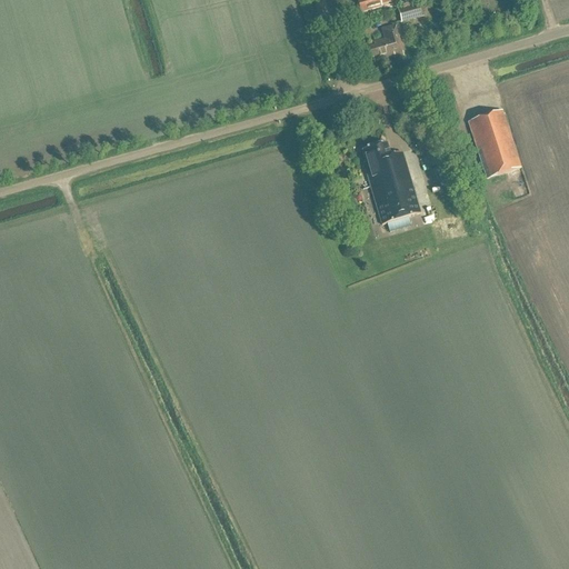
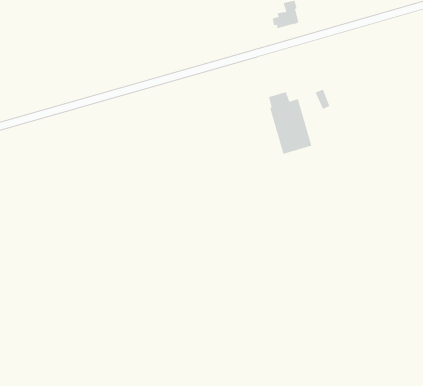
building: [469,107,522,174] -> none

